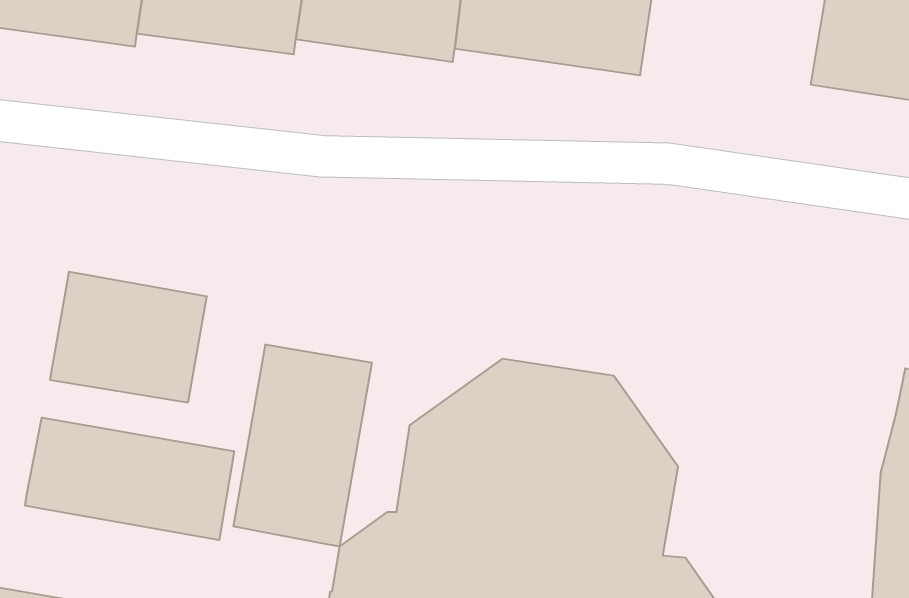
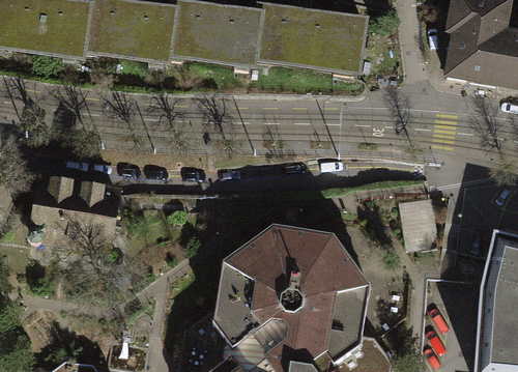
building: [234,344,372,546] -> none
building: [25,417,234,540] -> none

